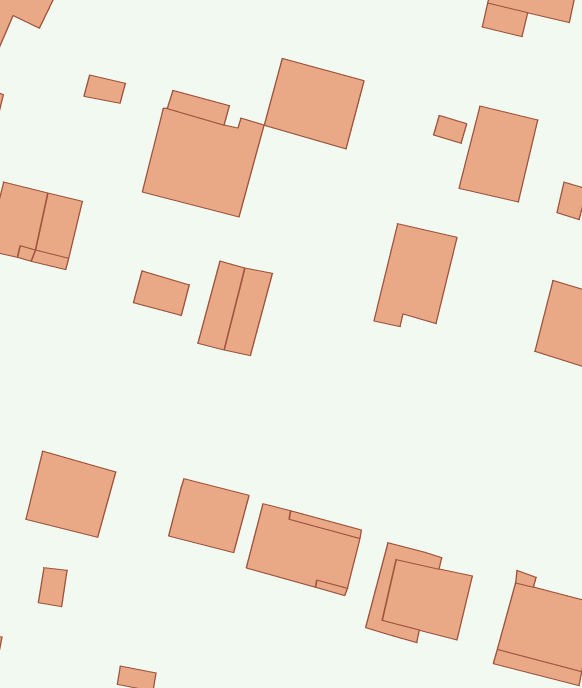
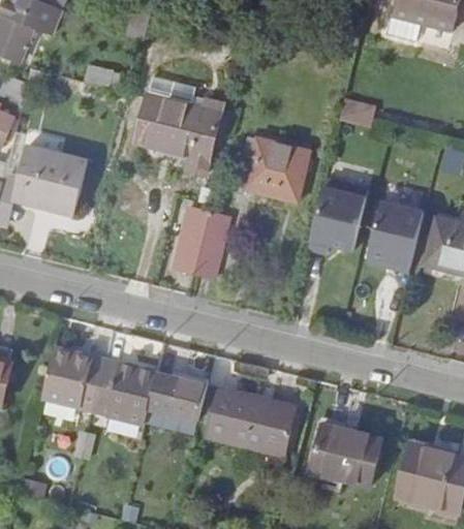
building: [264,59,364,149] -> [238,135,312,203]
building: [459,106,538,202] -> [366,201,425,273]
building: [134,271,189,316] -> none
building: none -> [101,363,163,426]

